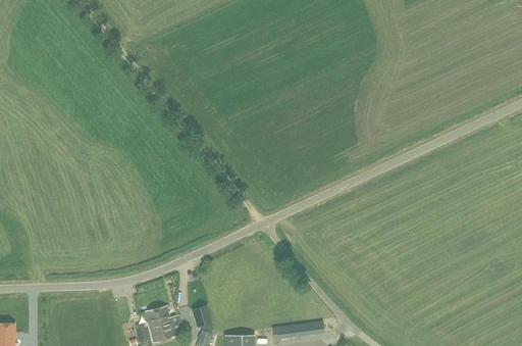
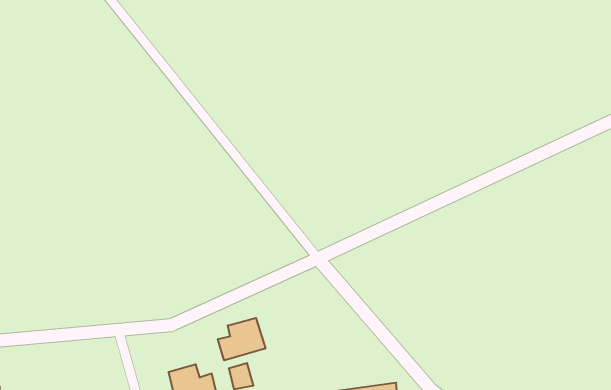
building: none -> [218,318,265,360]

